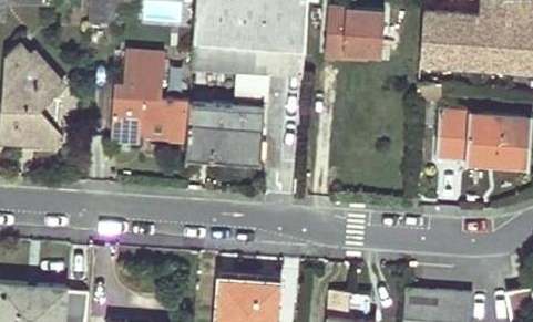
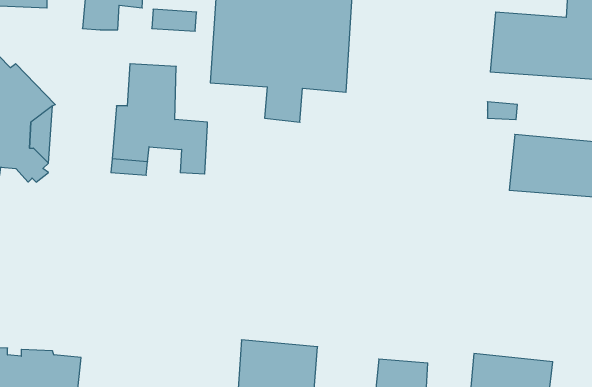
building: [325,8,385,59] -> none
building: [186,104,264,163] -> none

